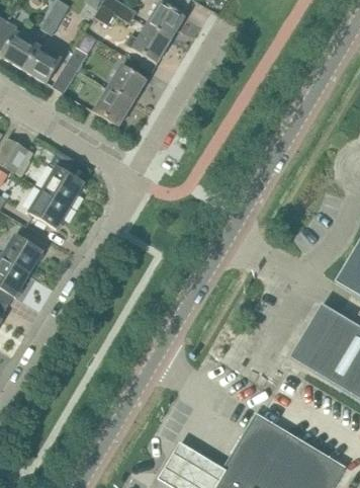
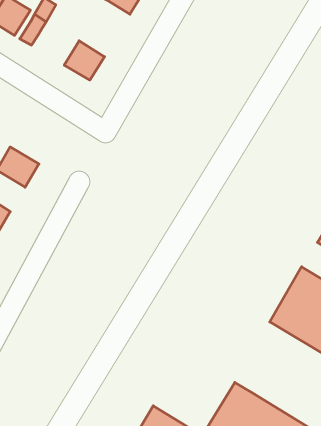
building: [108,65,147,103] -> none
building: [42,166,84,206] -> none

